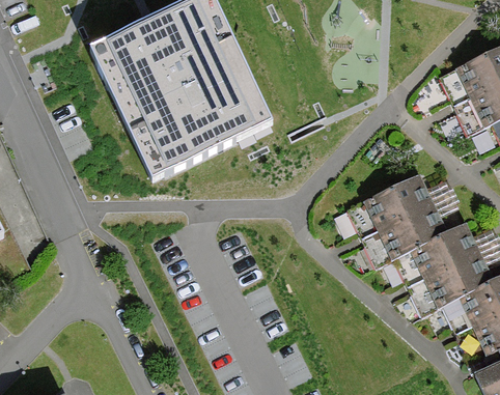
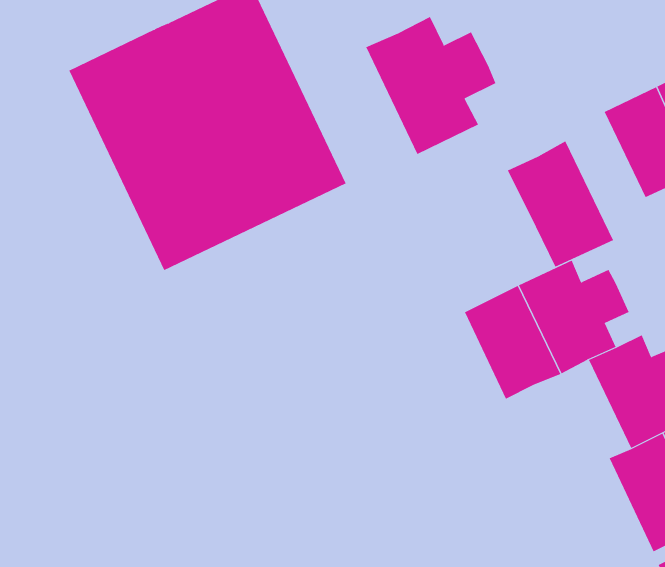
building: none -> [365,16,496,155]
building: none -> [507,140,614,268]
building: [394,237,457,312] -> none

